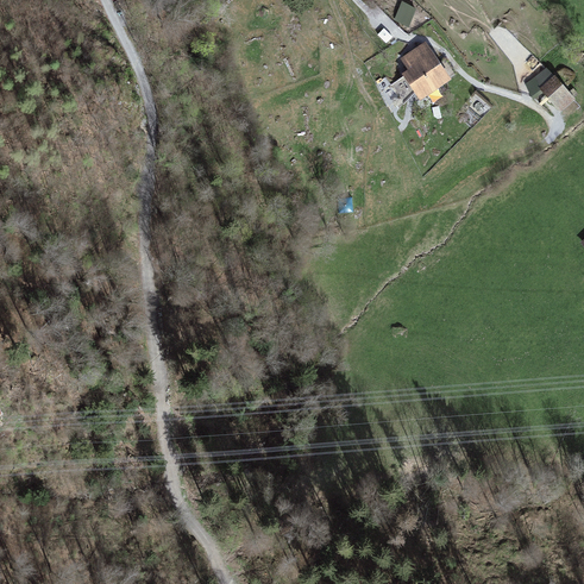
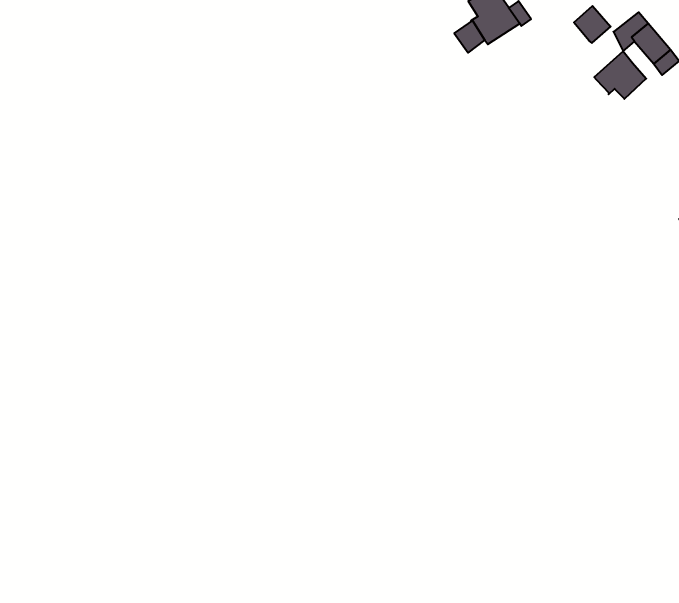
building: none -> [574,6,611,43]
building: none -> [594,51,646,99]

